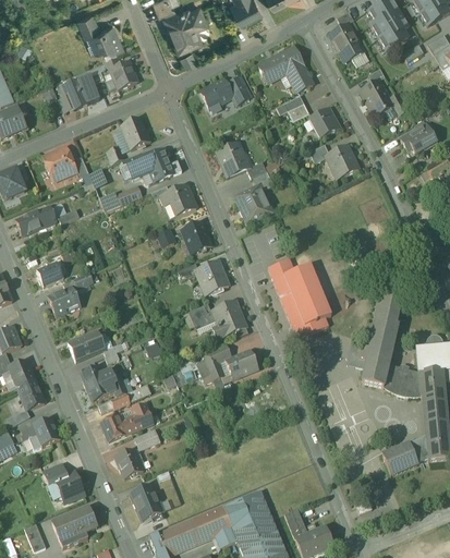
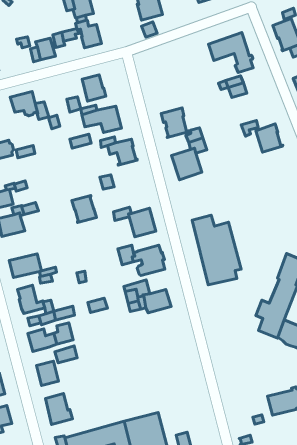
building: [199,77,253,109] -> none
building: [309,107,340,137] -> none
building: [181,220,211,253] -> [72,196,96,222]

